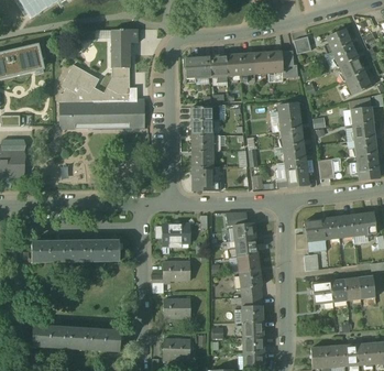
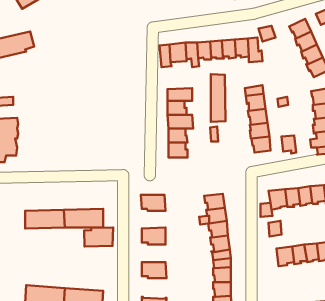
building: [59,29,144,129] -> none
building: none -> [211,74,226,122]
building: none -> [84,227,113,247]

